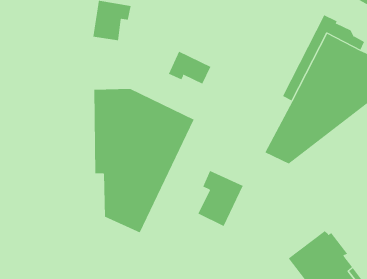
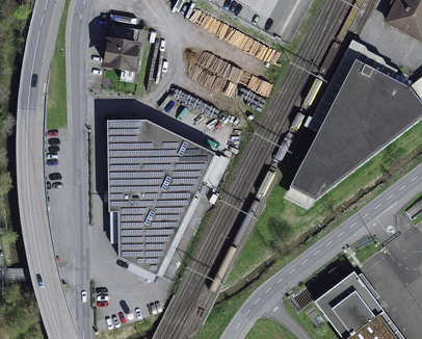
building: [168,51,211,85] -> none
building: [198,170,244,227] -> none

